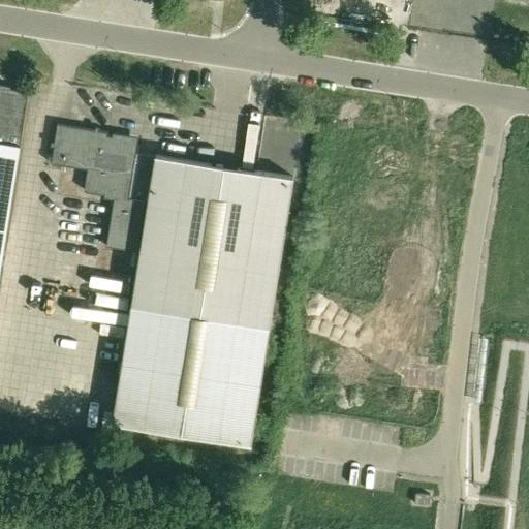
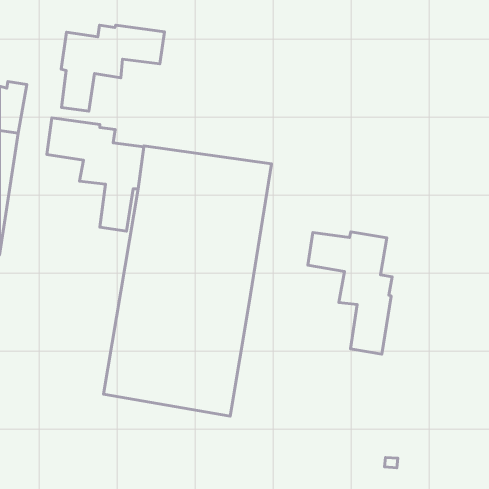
building: none -> [61,25,165,111]
building: none -> [308,232,392,354]

